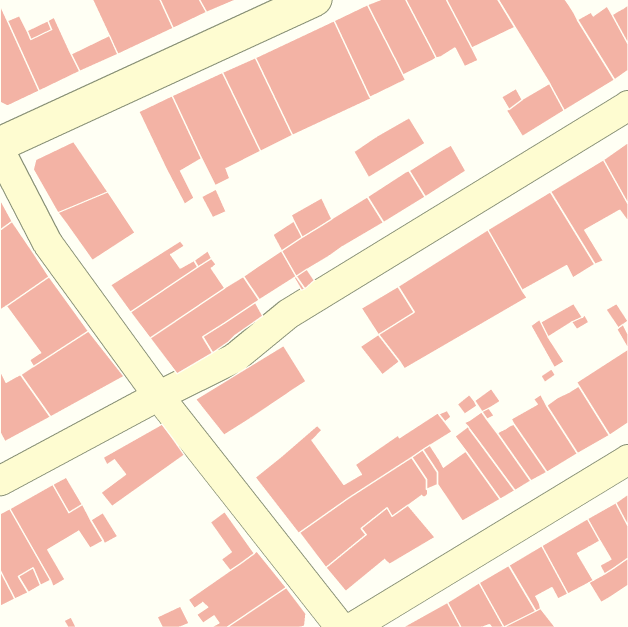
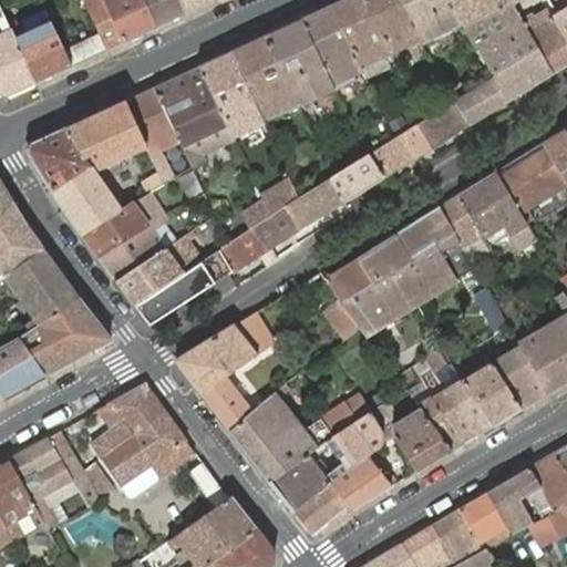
building: none -> [66,101,147,173]
building: [354,117,425,178] -> [406,100,471,154]
building: none -> [83,193,165,257]
building: none -> [202,377,252,430]
building: none -> [101,410,195,497]

